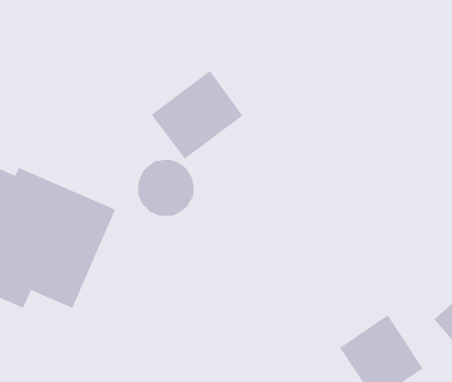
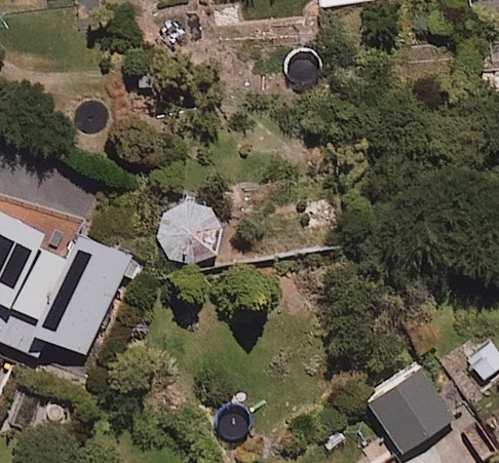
building: [151,70,243,159] -> none

